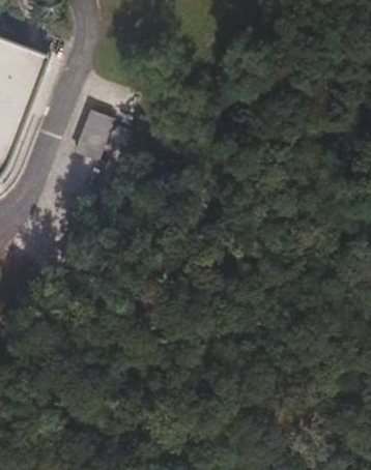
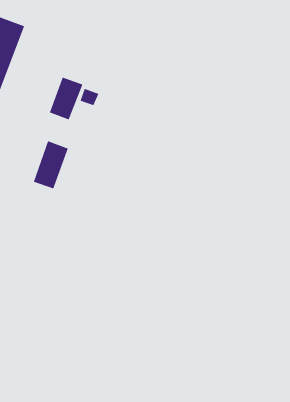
building: none -> [33,140,69,189]

